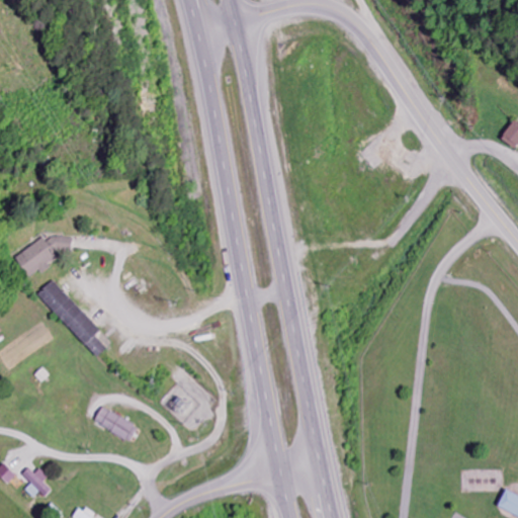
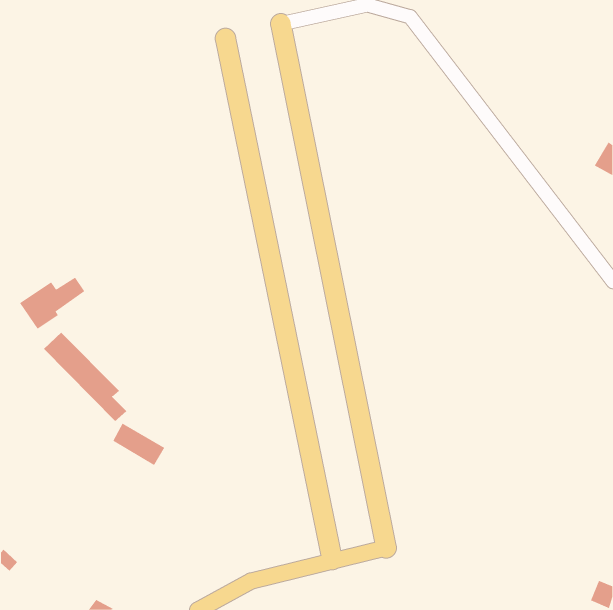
building: [94,406,139,442] -> [112,423,165,466]
building: [22,464,52,498] -> none

